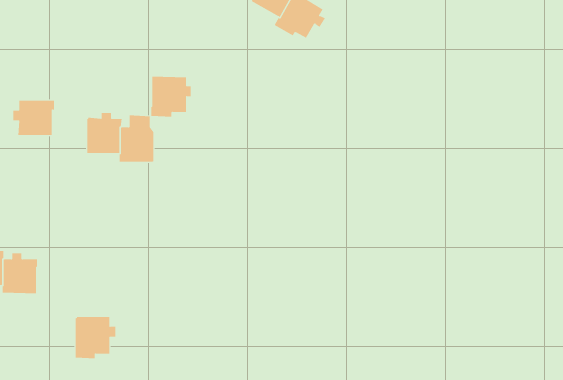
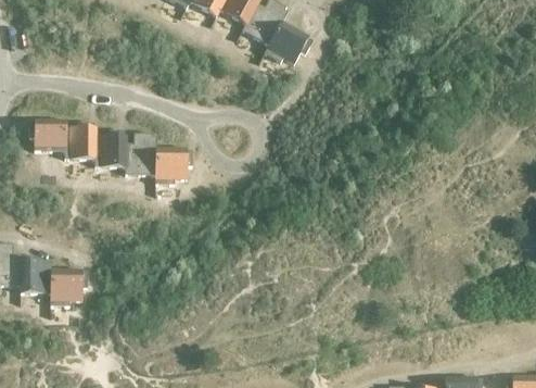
building: [150,76,192,117] -> [155,148,192,185]
building: none -> [65,123,98,160]
building: [75,317,116,359] -> [51,268,88,306]

